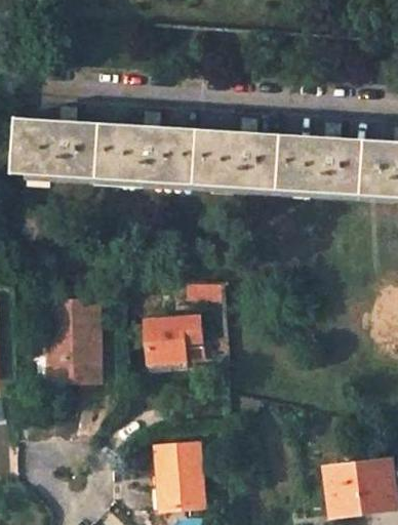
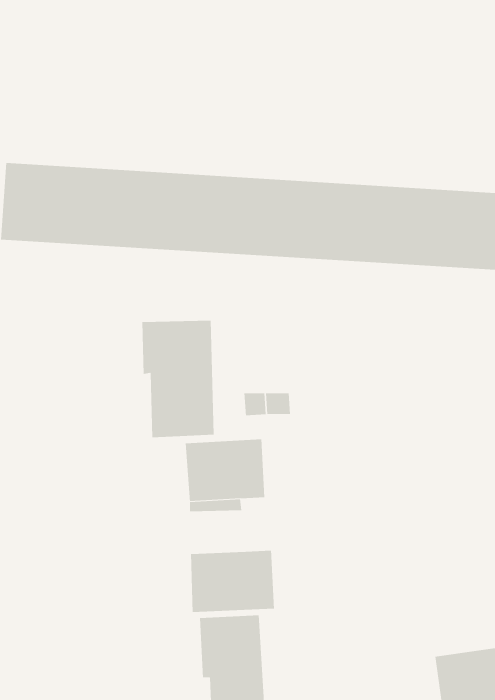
building: [47,298,100,382] -> [141,320,215,438]
building: none -> [190,550,275,613]

